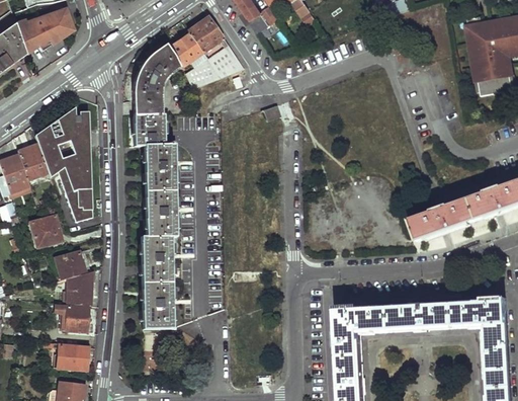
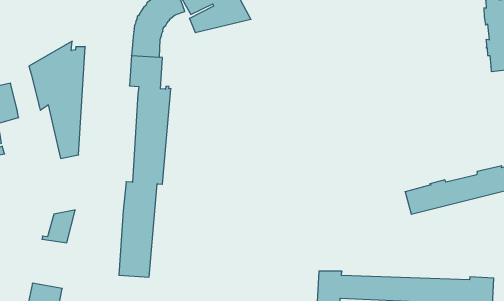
building: [17,142,48,178] -> none
building: [30,215,61,245] -> none
building: [55,249,92,277] -> none
building: [60,305,91,330] -> none

